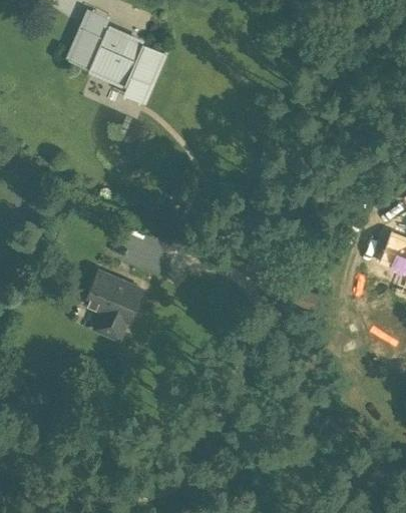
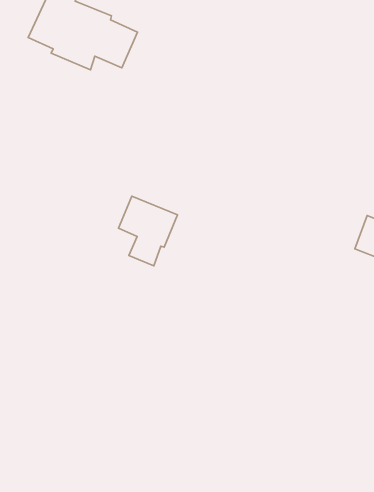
building: [85,273,142,340] -> [118,196,178,266]

